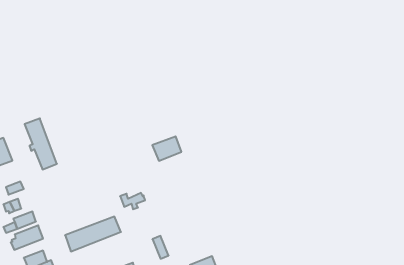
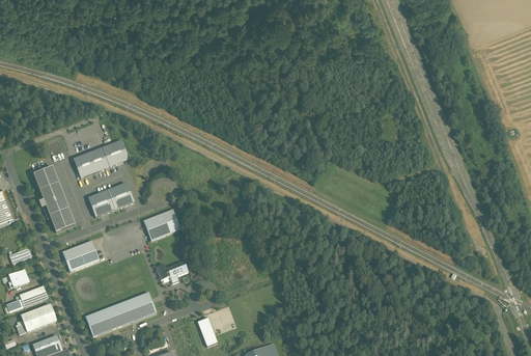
building: none -> [73,139,129,177]
building: none -> [88,182,135,216]
building: [152,136,181,161] -> [143,209,180,240]
building: none -> [62,240,100,271]

